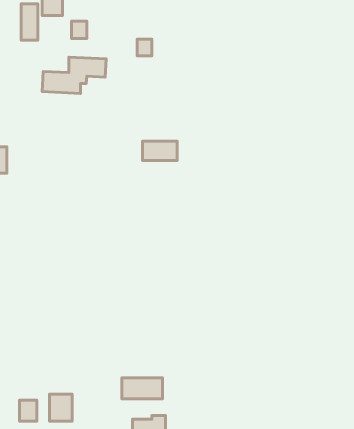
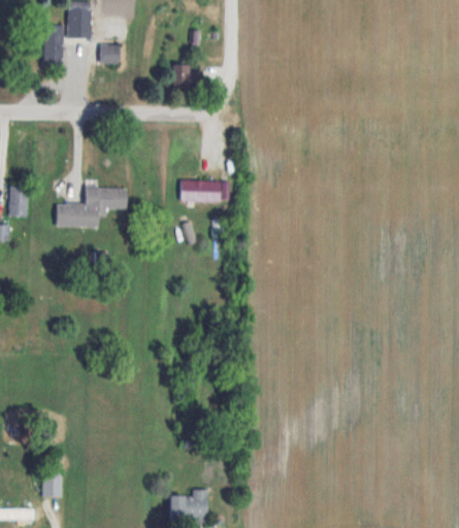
building: [42,57,106,93] -> [56,187,128,228]
building: [122,378,163,399] -> none
building: [49,394,72,421] -> none

